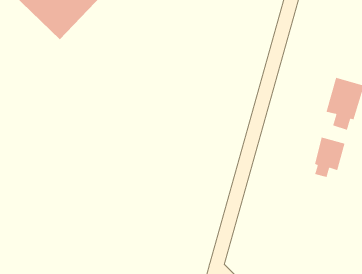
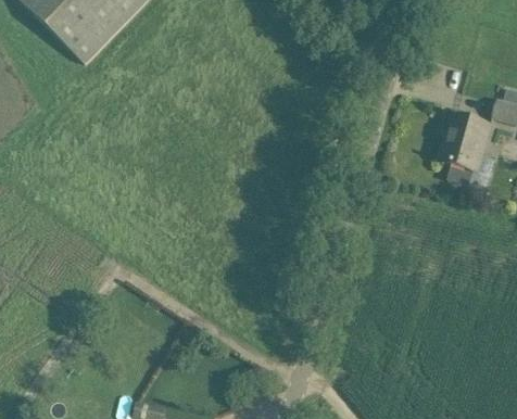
building: [314,136,345,178] -> none

